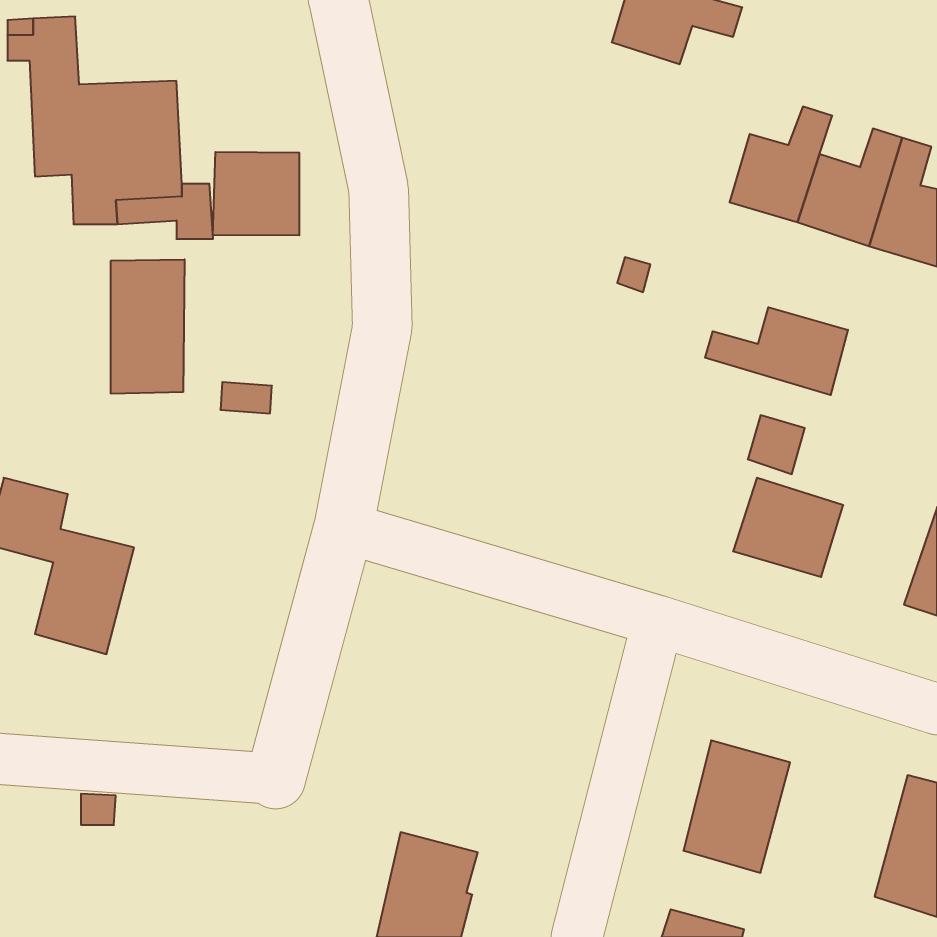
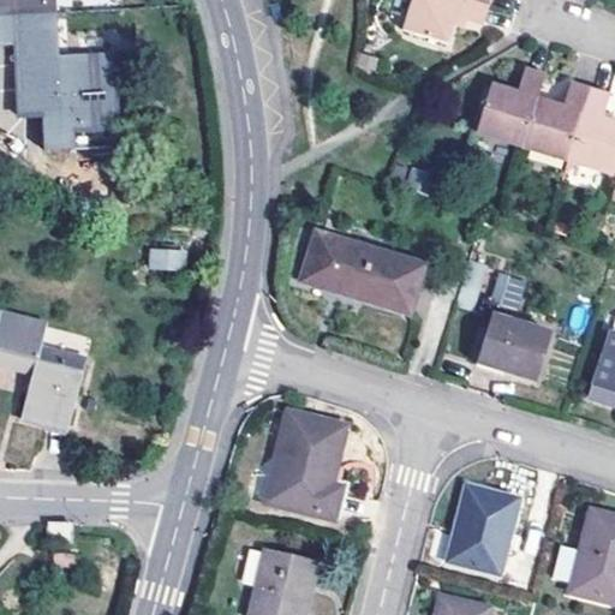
building: [213,152,299,236] -> none
building: [111,259,185,394] -> none
building: [705,307,848,395] -> none
building: none -> [305,231,422,311]
building: none -> [267,410,346,513]

